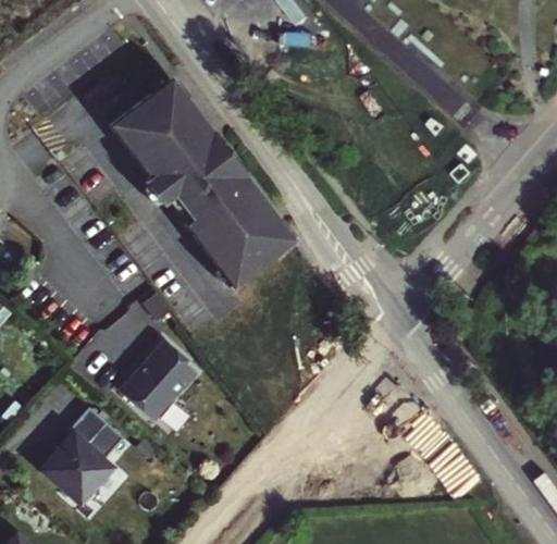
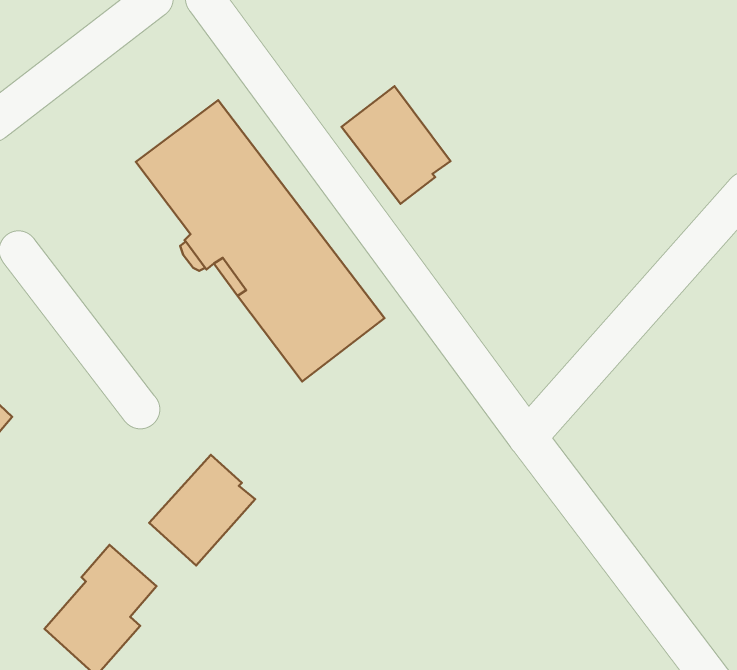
building: none -> [341,86,451,204]

